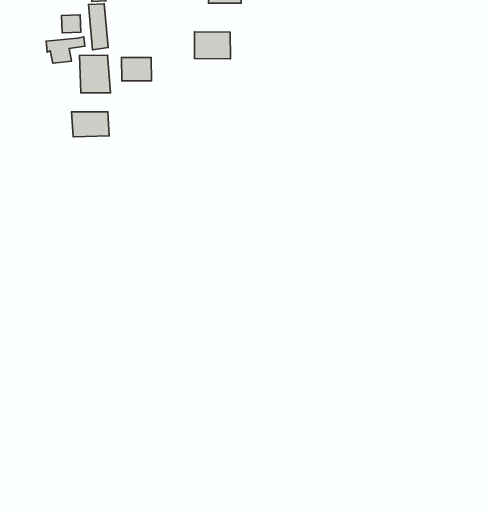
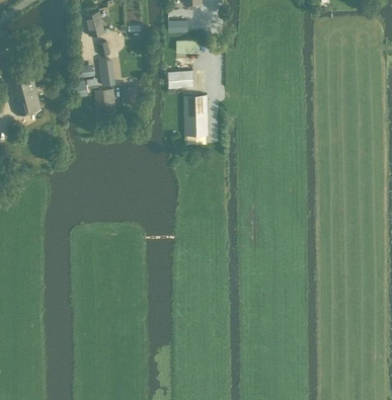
building: none -> [184,95,207,135]
building: [71,112,109,137] -> none

